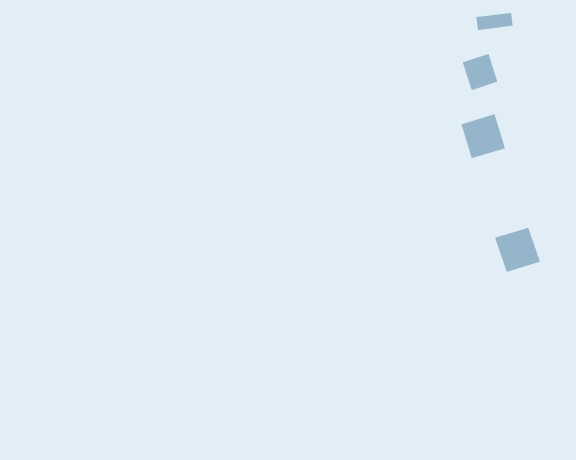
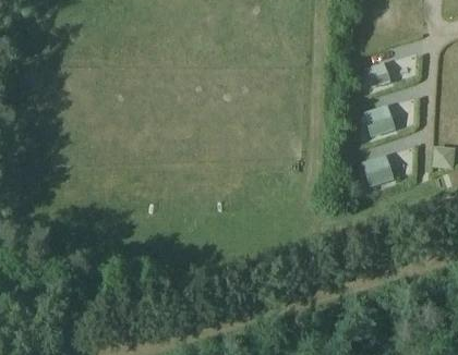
building: [494,227,541,272] -> [361,155,395,187]

